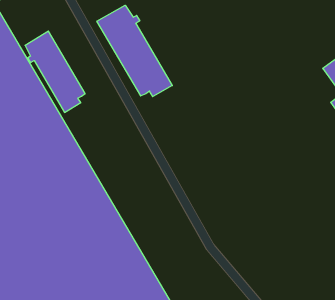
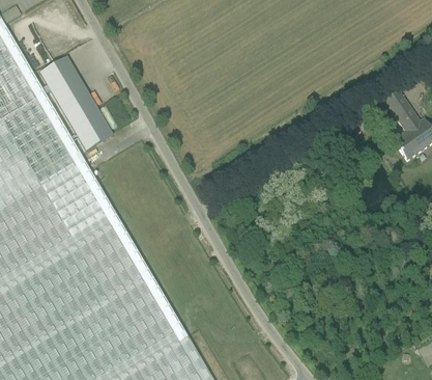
building: [97,5,172,97] -> none

